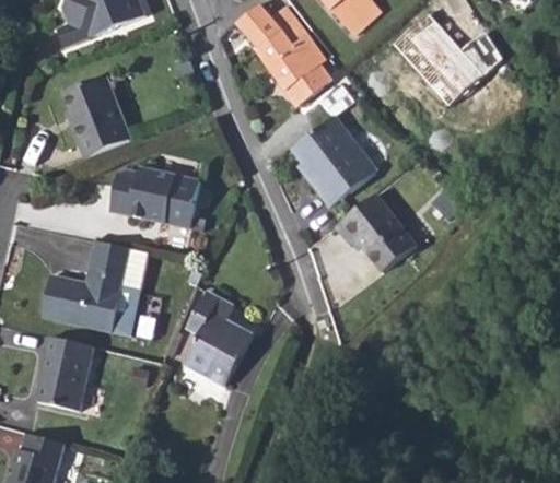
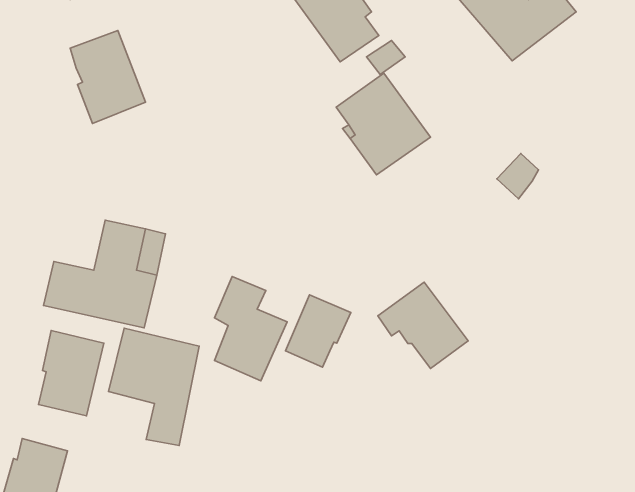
building: [108,168,197,229] -> none
building: [335,192,413,268] -> [378,282,468,369]
building: none -> [285,295,351,367]
building: none -> [109,328,199,446]

